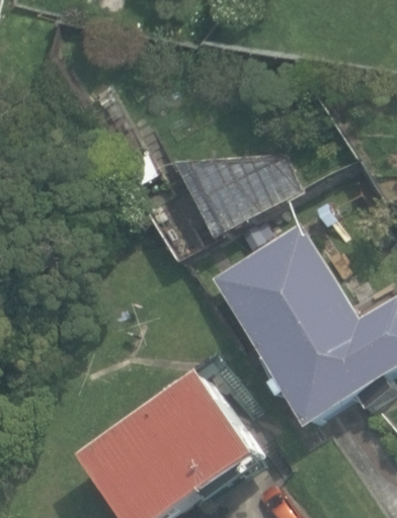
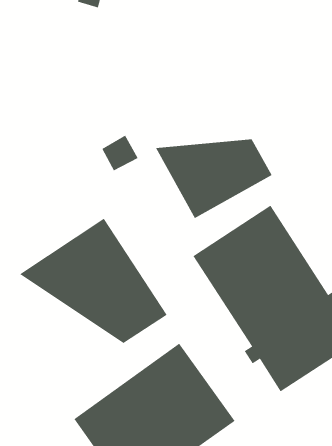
building: none -> [19,218,167,344]

